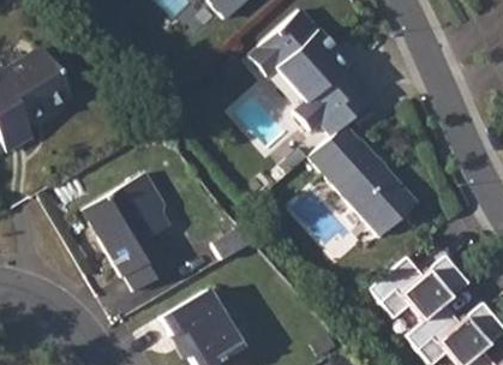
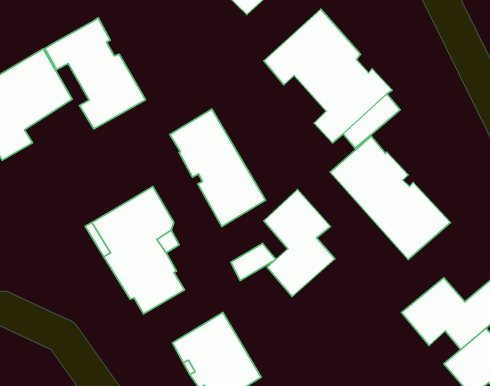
building: none -> [45,18,146,129]
building: none -> [170,109,265,226]
building: none -> [264,190,335,297]

